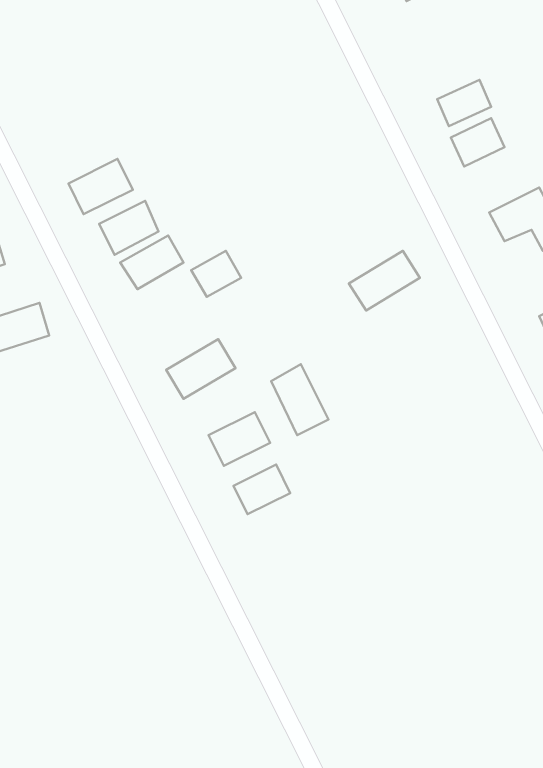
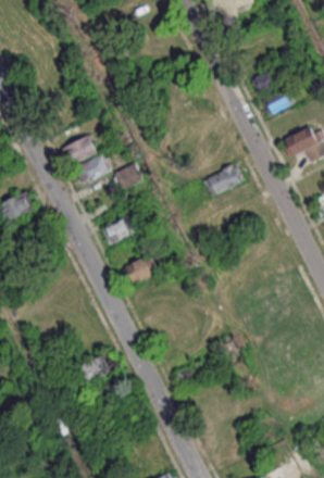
building: [68,159,133,214] -> none
building: [271,364,329,435] -> none
building: [234,464,290,514] -> none
building: none -> [78,353,115,383]

